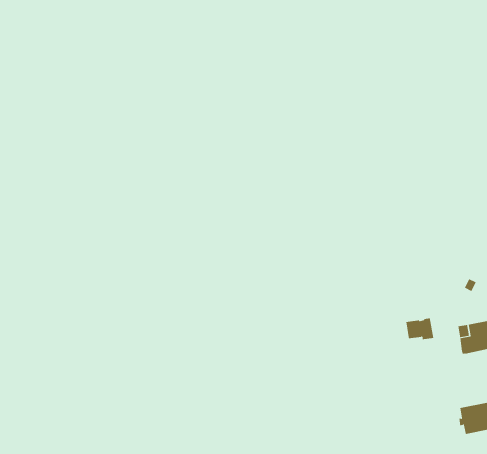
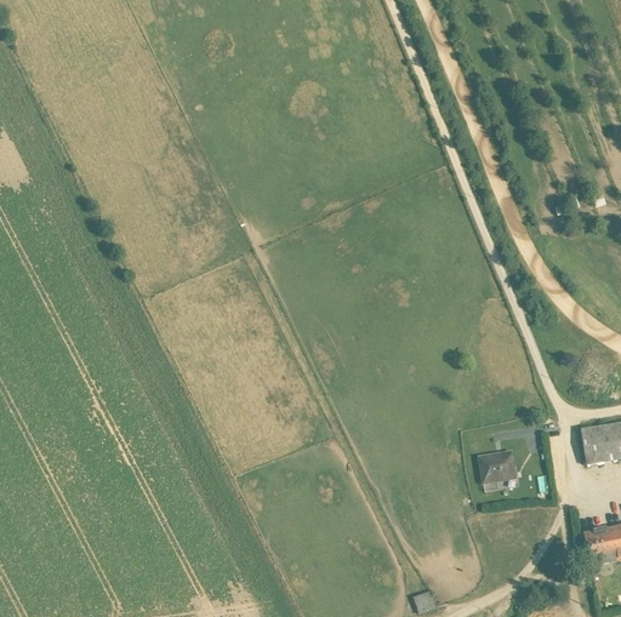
building: [405,318,434,340] -> [479,451,515,479]

